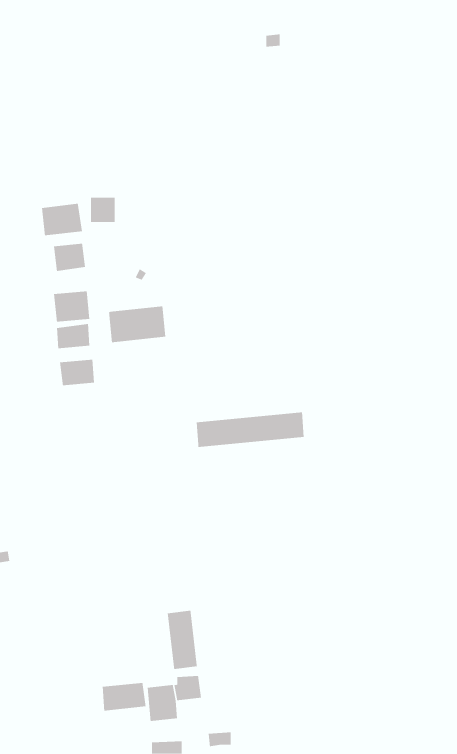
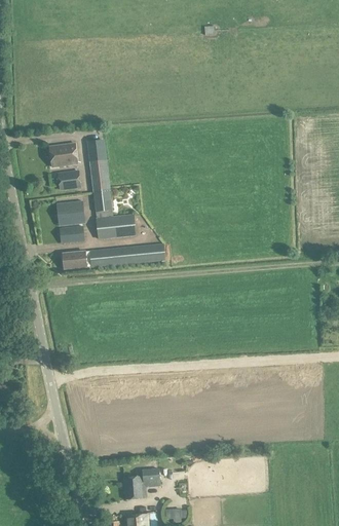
building: none -> [88,157,112,212]
building: [196,412,304,448] -> [89,242,164,267]
building: [167,610,197,670] -> none
building: [102,682,146,711] -> none

